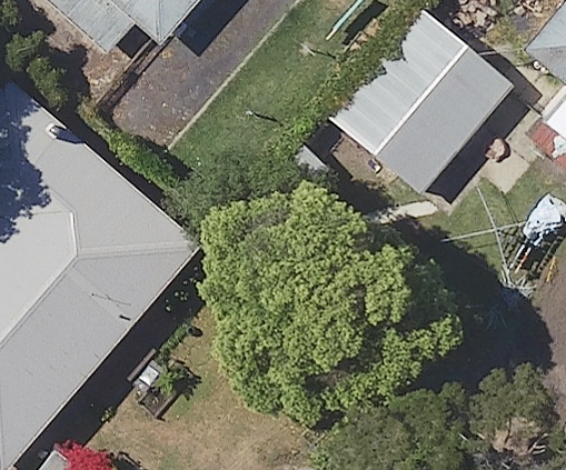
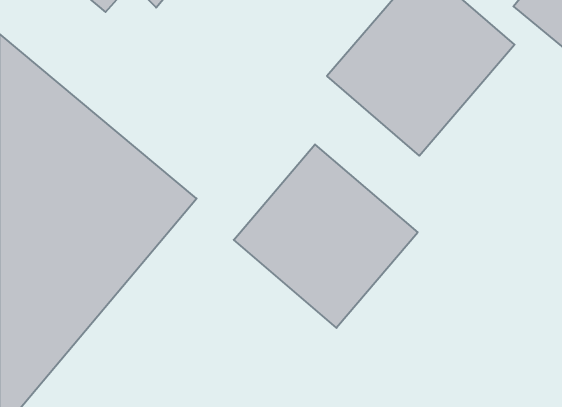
building: none -> [234,144,418,328]

